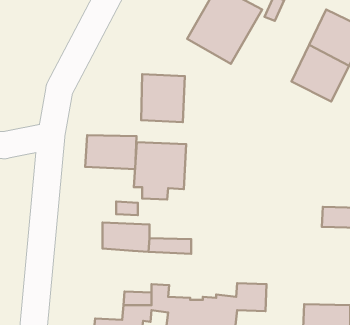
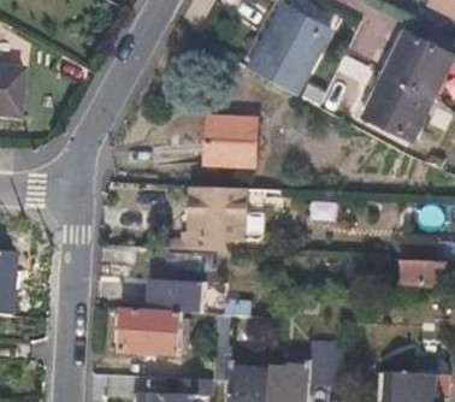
building: [85,135,137,169] -> none
building: none -> [120,309,184,353]

